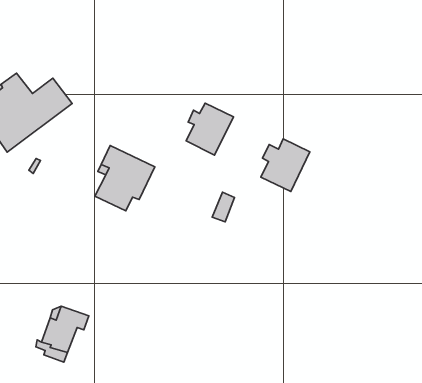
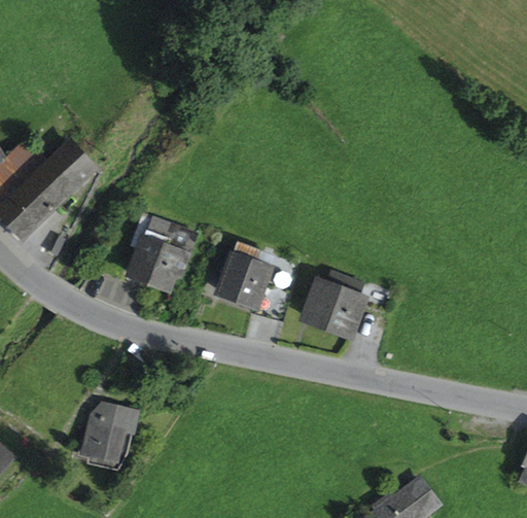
building: [186,103,233,155] -> [219,248,271,307]
building: [261,139,310,191] -> [309,276,362,336]

